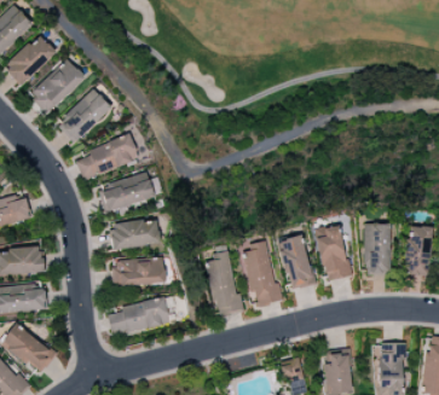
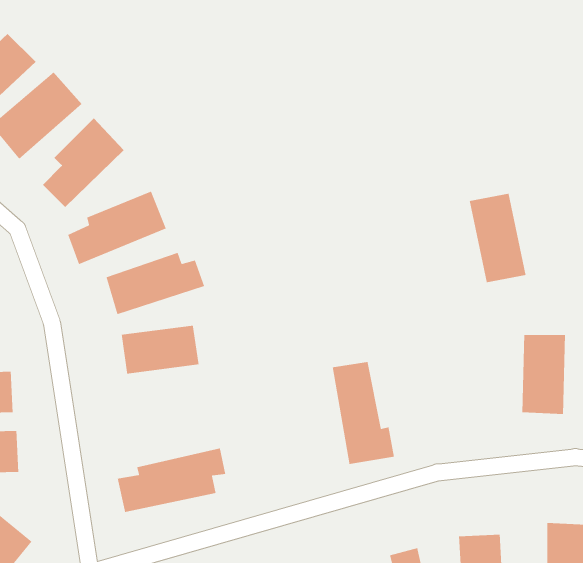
building: [314,223,351,280] -> [469,193,527,283]
building: [279,236,312,289] -> none
building: [207,251,244,316] -> none
building: [114,259,164,285] -> none

